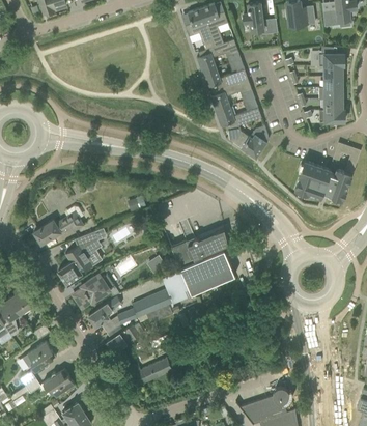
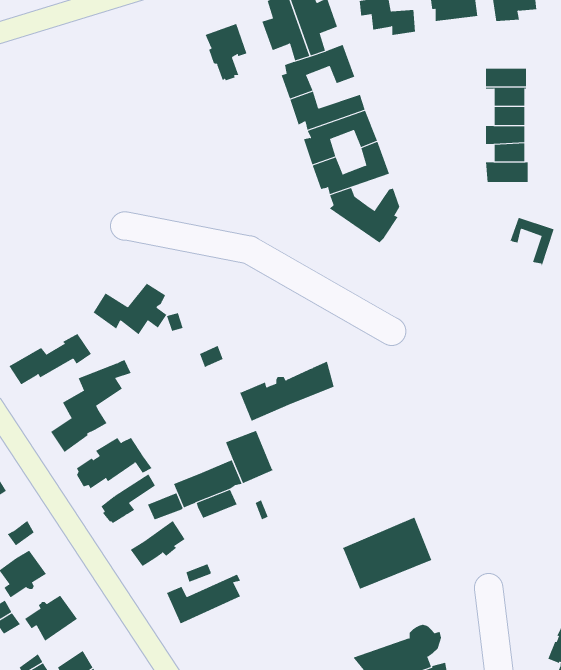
building: none -> [205,23,247,81]
building: [294,161,351,200] -> none
building: none -> [93,283,167,335]
building: [180,250,234,293] -> [342,517,432,589]

